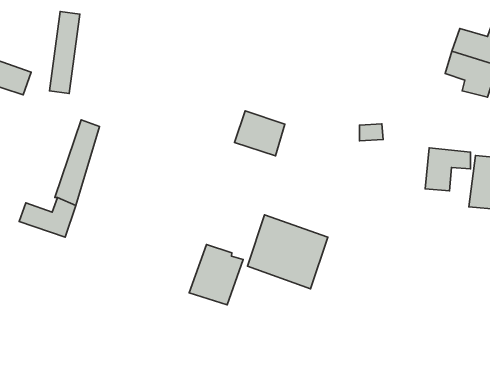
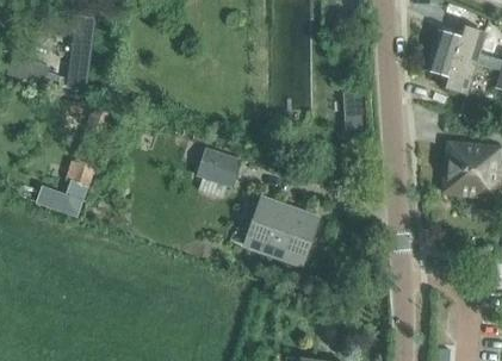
building: [235,111,285,156] -> [196,147,241,187]
building: [425,148,471,191] -> none
building: [189,245,243,305] -> none

